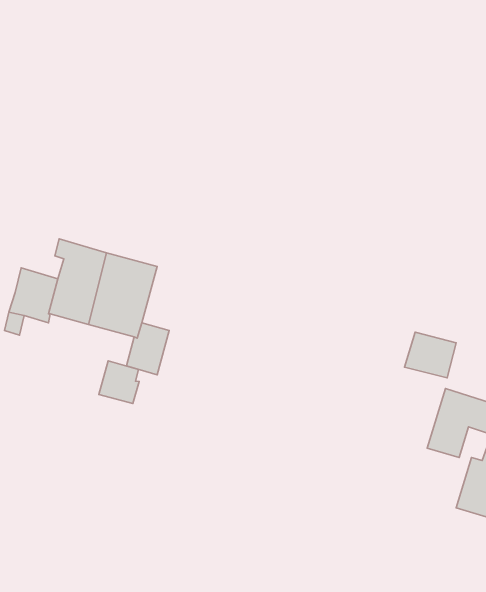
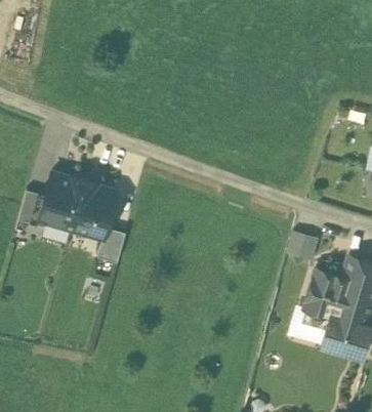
building: [99,361,139,403] -> none

